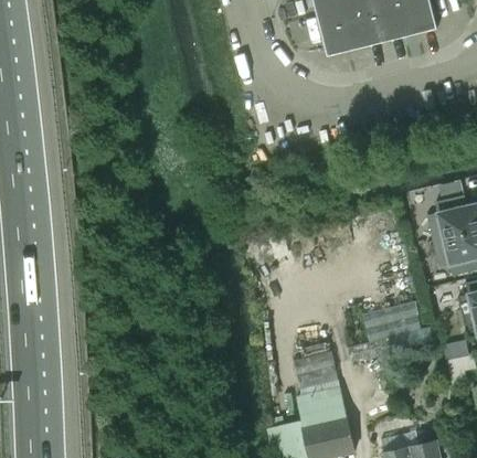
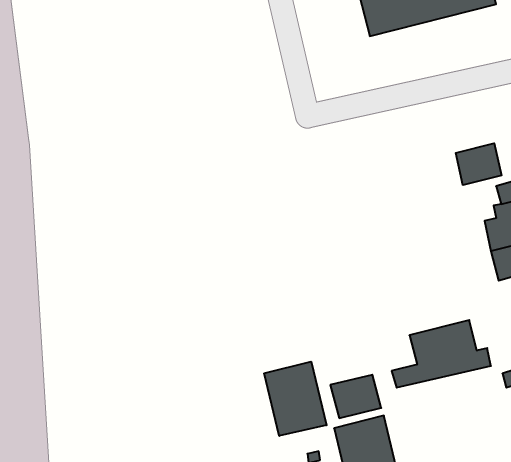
building: none -> [456,143,502,185]
building: none -> [264,362,327,436]

